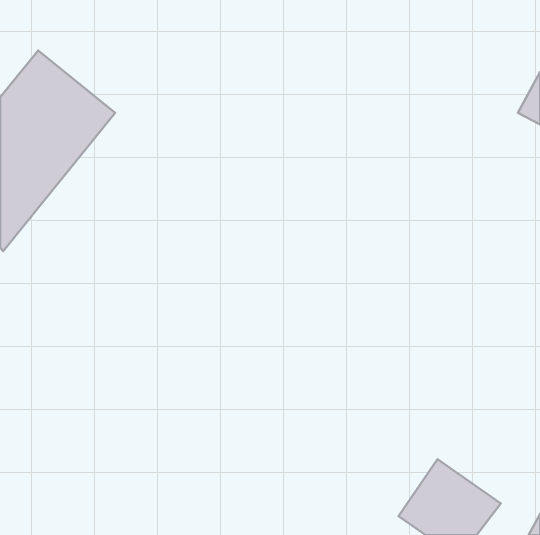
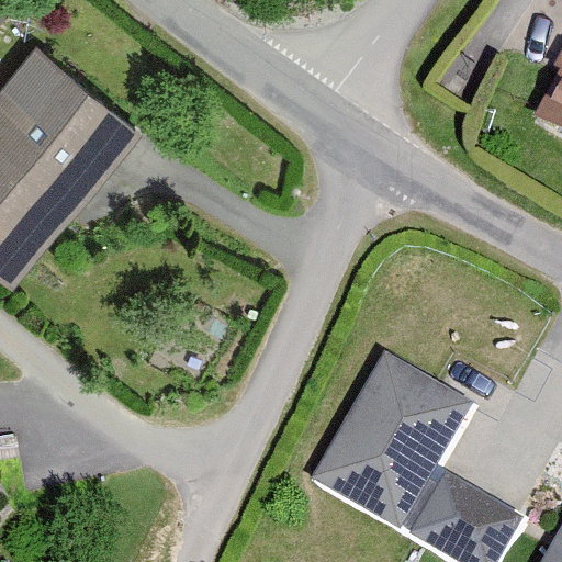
building: none -> [323,363,456,514]

